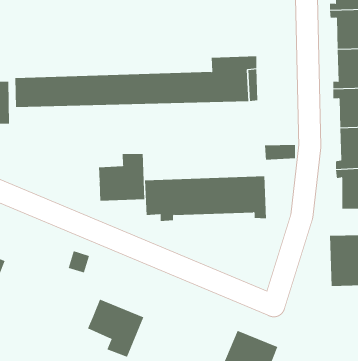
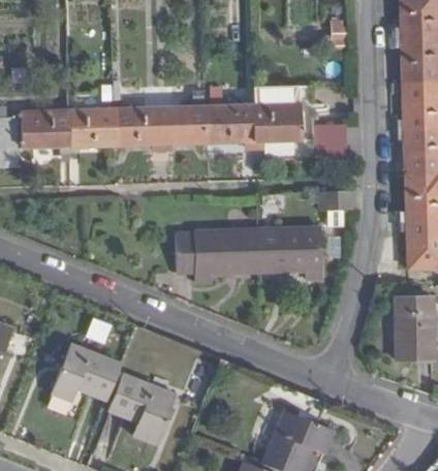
building: none -> [313,124,346,158]
building: [99,153,145,201] -> none
building: none -> [51,344,121,401]

